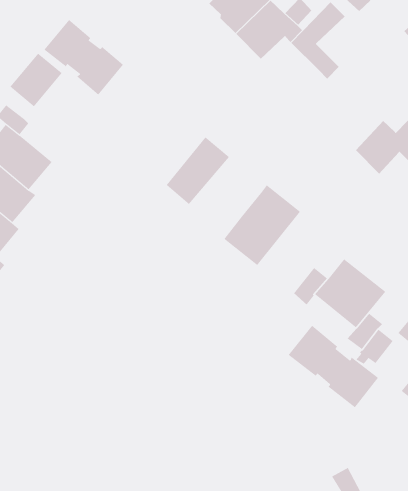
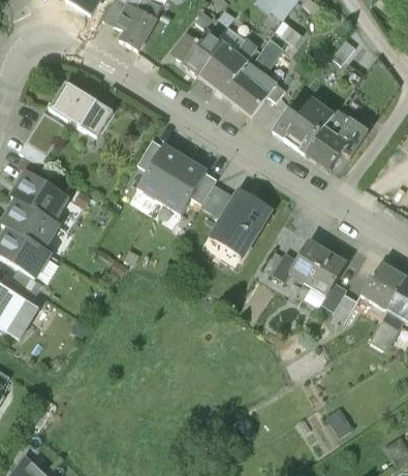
building: none -> [221,71,268,116]
building: none -> [272,96,334,153]
building: none -> [138,146,186,201]
building: none -> [201,184,236,218]
building: [288,325,379,408] -> none

